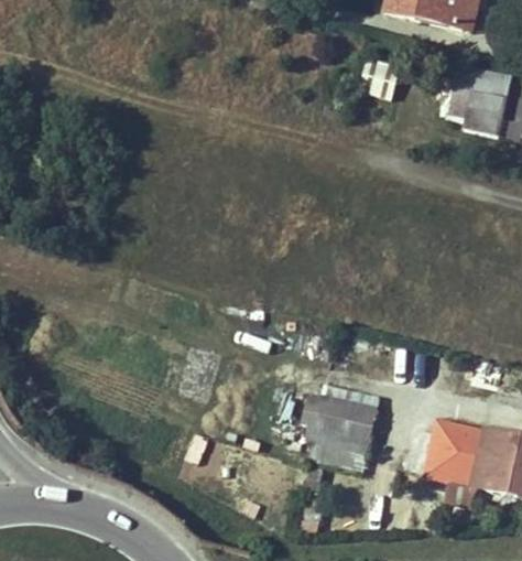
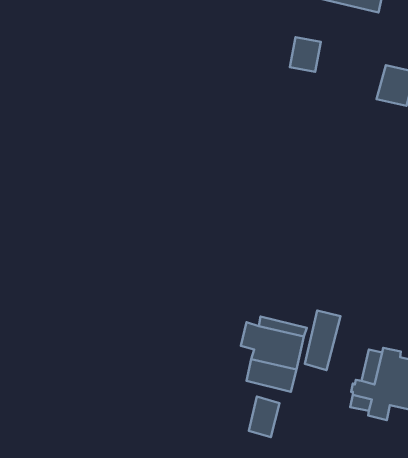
building: none -> [305,310,340,370]
building: none -> [249,397,279,437]

